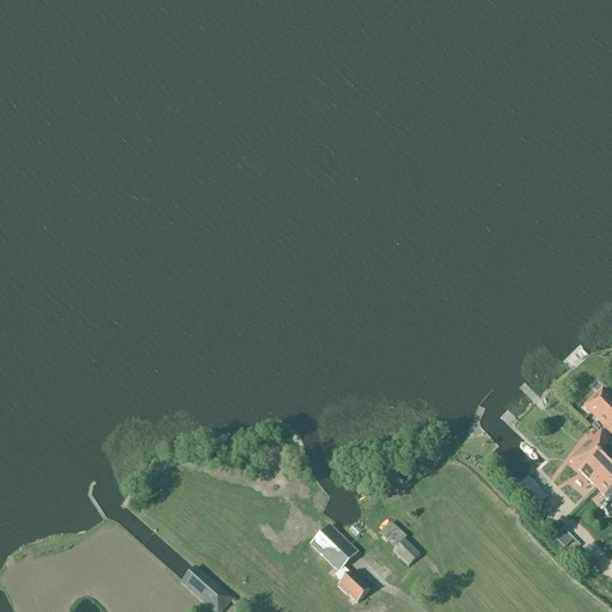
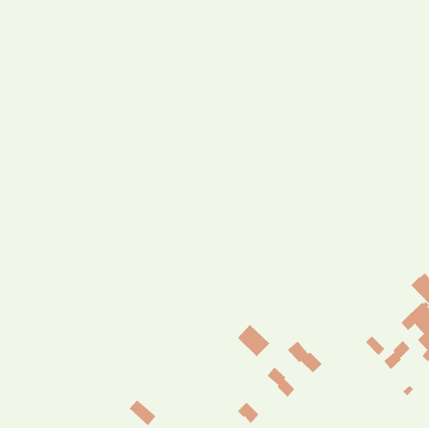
building: none -> [383,340,410,370]
building: none -> [287,340,323,373]
building: [312,525,359,571] -> [237,324,270,357]

